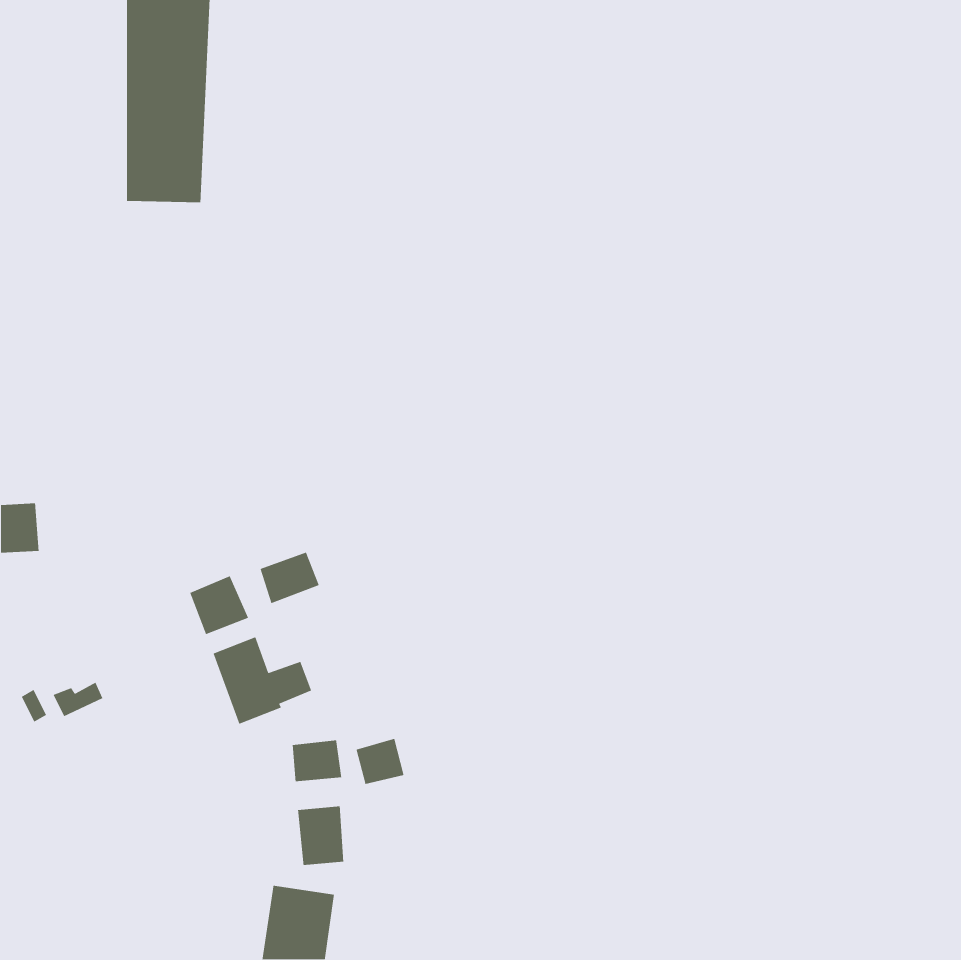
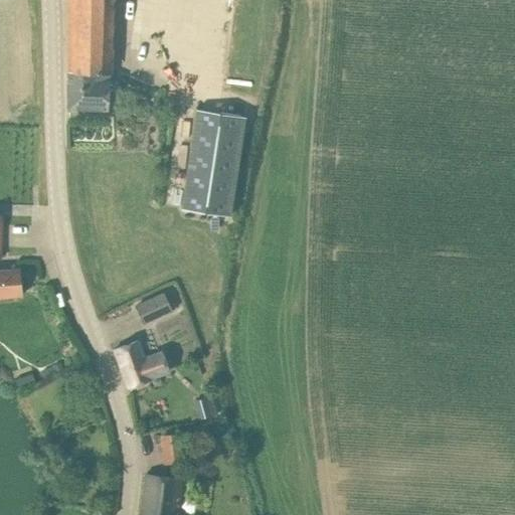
building: none -> [182,110,245,215]
building: [189,575,249,635] -> none
building: [292,740,342,782] -> none

